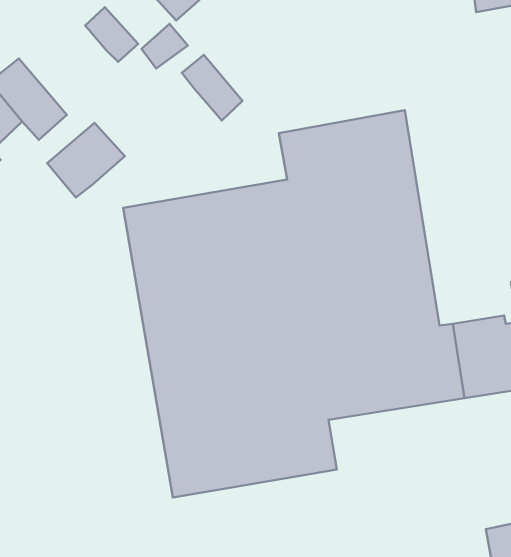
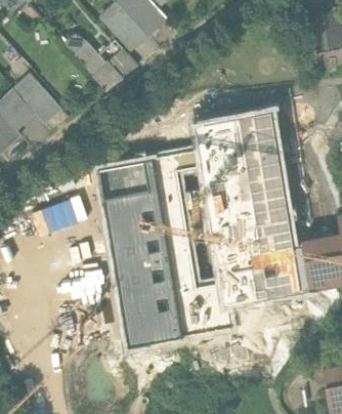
building: [182,55,243,120] -> none
building: [47,123,125,198] -> none

